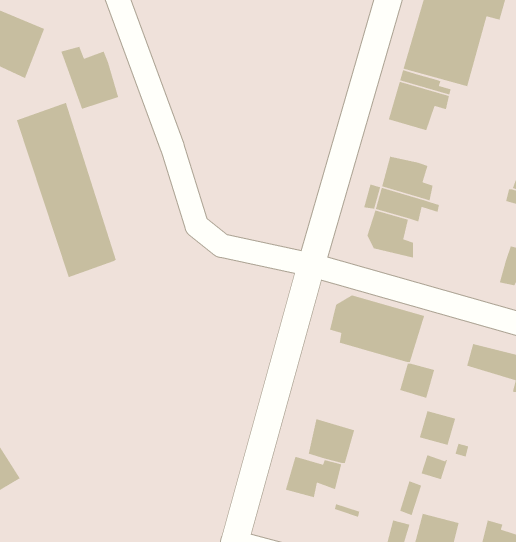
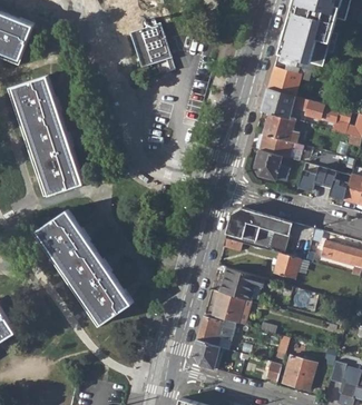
building: none -> [129,26,170,69]
building: [60,46,119,110] -> none
building: none -> [261,88,349,122]
building: none -> [297,167,346,199]
building: none -> [36,210,131,325]
building: none -> [217,267,255,300]
building: none -> [193,340,218,368]

